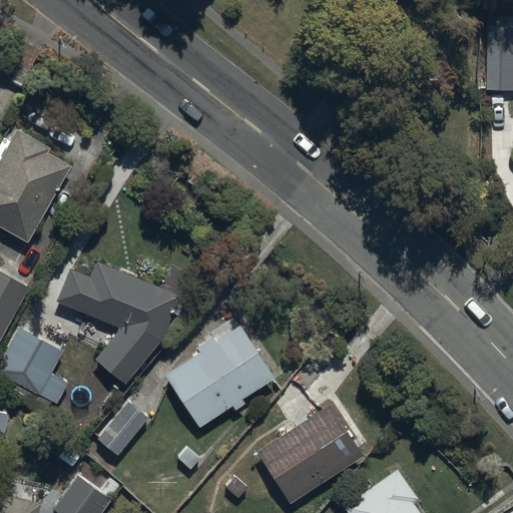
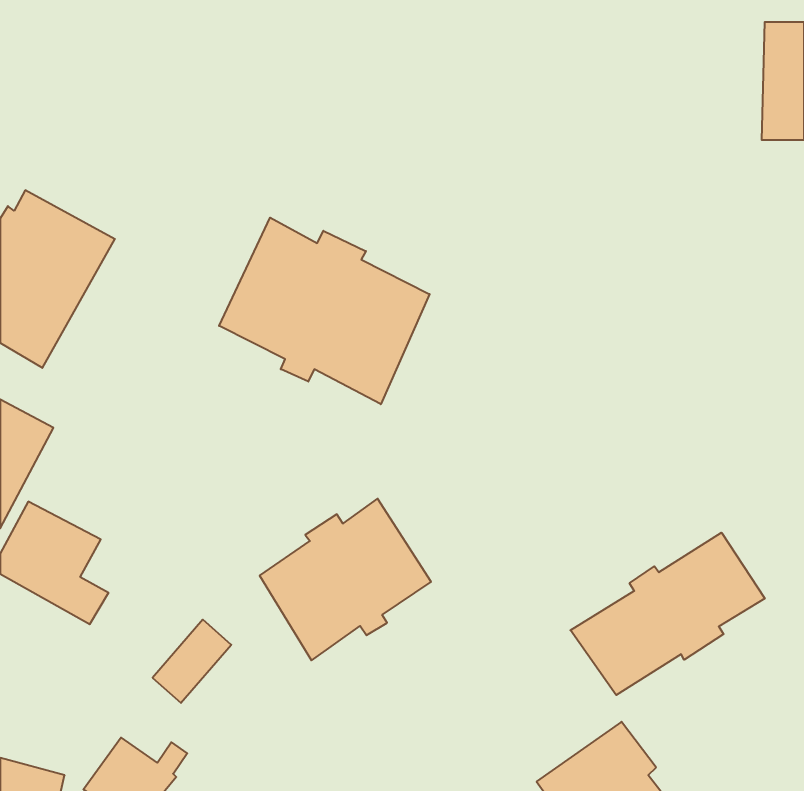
building: none -> [219,218,430,404]
building: [55,262,177,385] -> none
building: none -> [570,533,765,695]
building: [256,403,364,504] -> none

